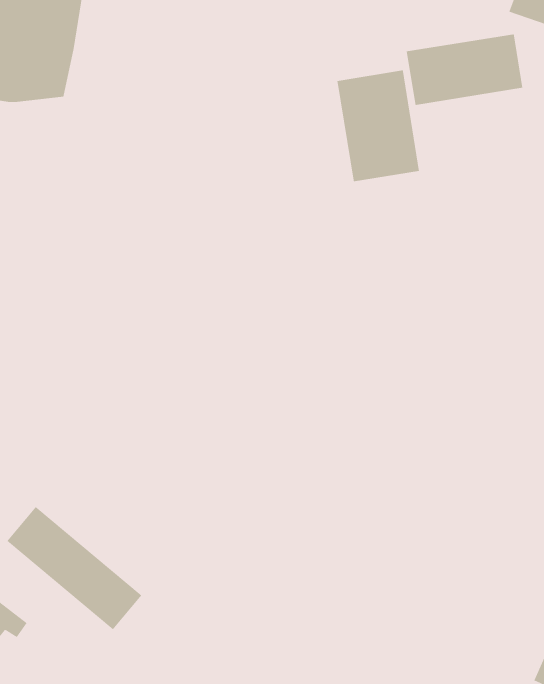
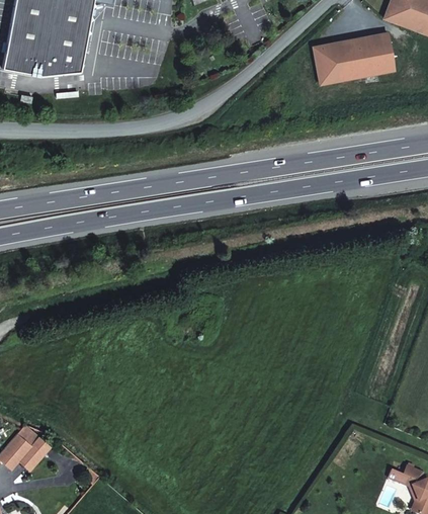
building: [337,70,420,182] -> none
building: [7,506,142,630] -> none

